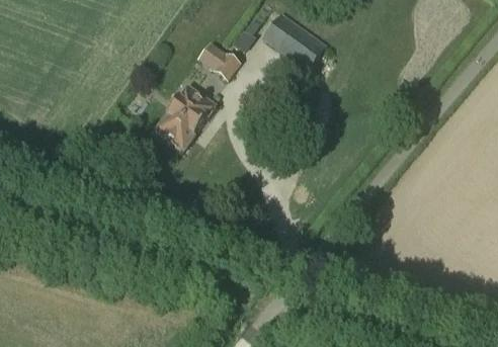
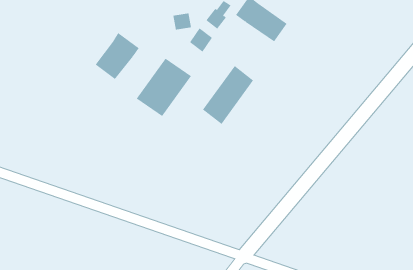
building: none -> [95,32,140,80]
building: none -> [202,65,254,125]

